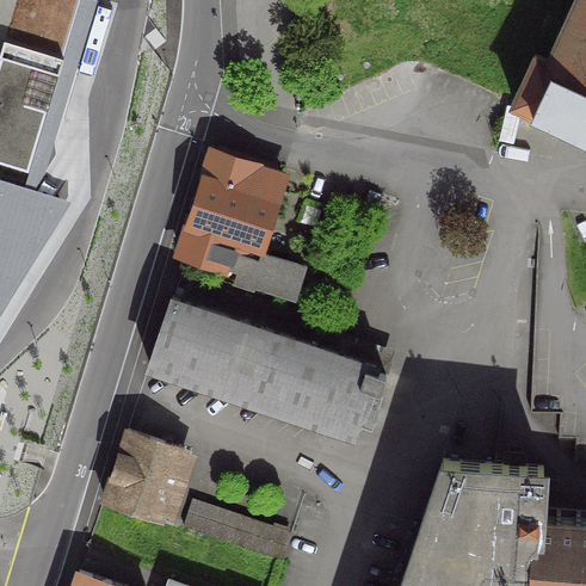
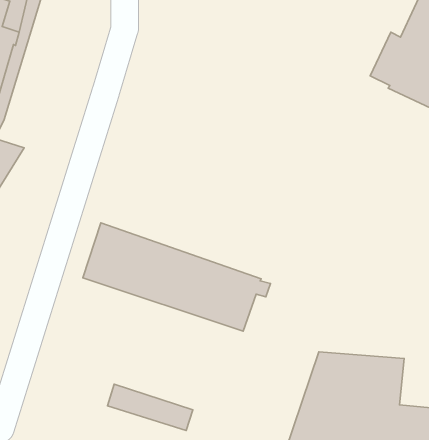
building: [178,152,302,297] -> none
building: [101,430,181,520] -> none

